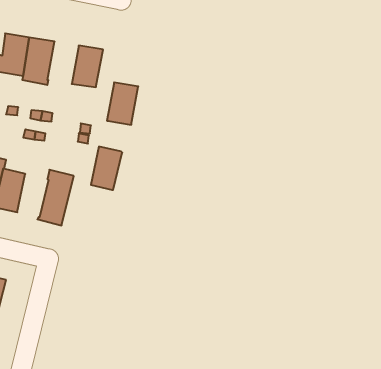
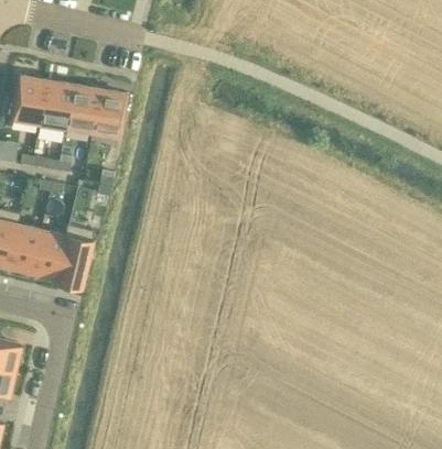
building: [107,82,138,125] -> [65,86,99,132]
building: [91,147,122,190] -> [32,230,66,277]

